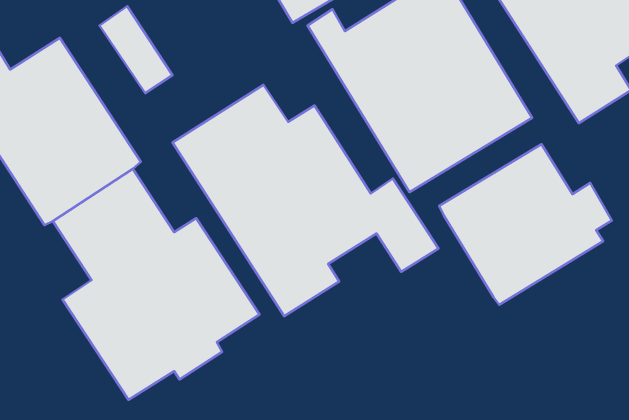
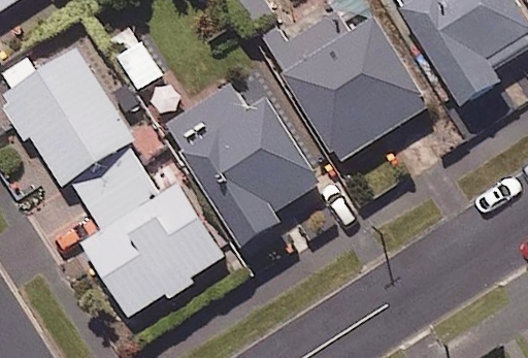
building: [439,144,612,305] -> none

